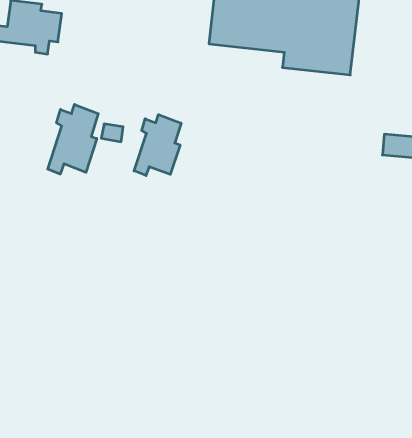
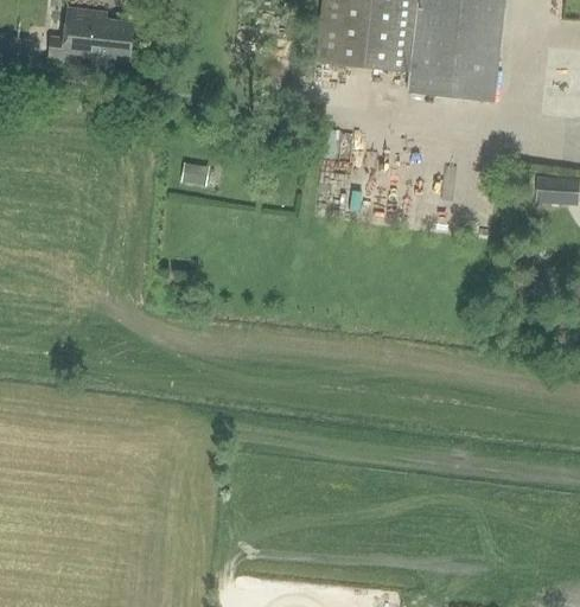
building: [48,104,98,174] -> none
building: [134,115,181,176] -> none

